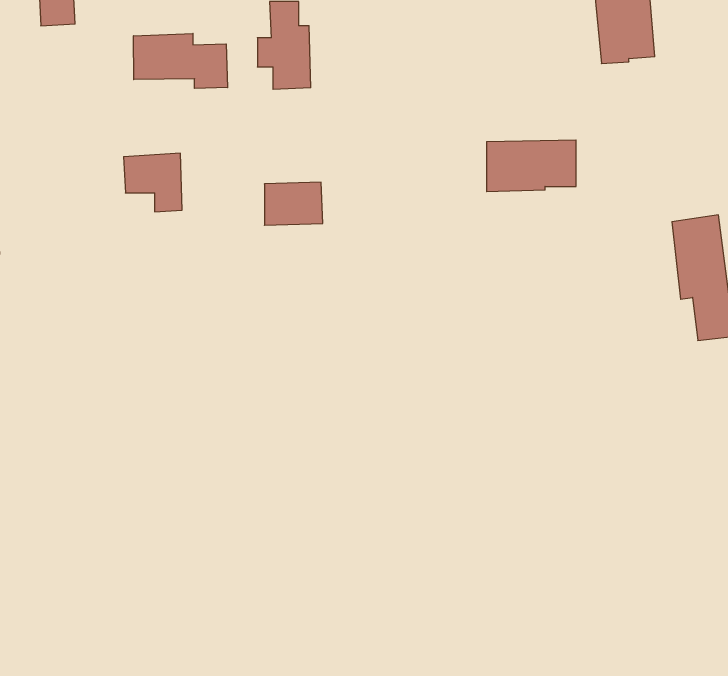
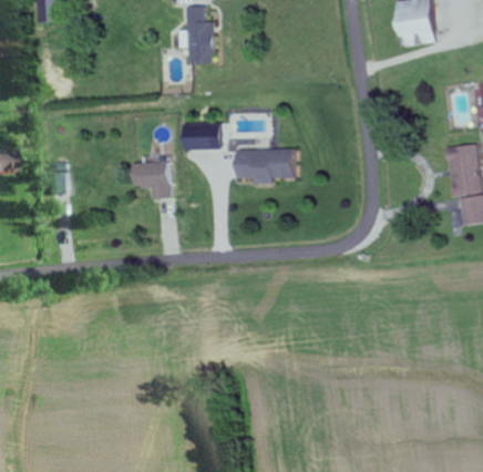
building: [134,33,228,88] -> none
building: [487,140,576,192] -> [236,148,294,182]
building: [124,153,182,212] -> [132,162,169,199]

